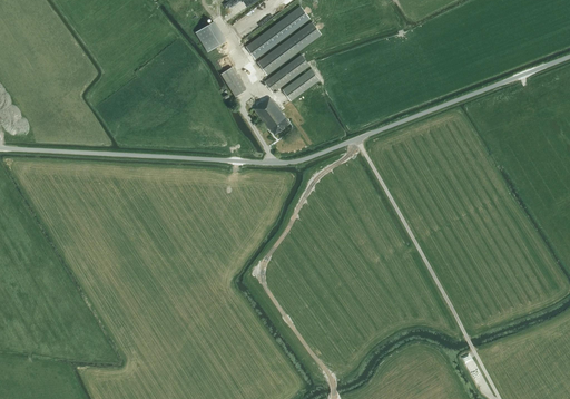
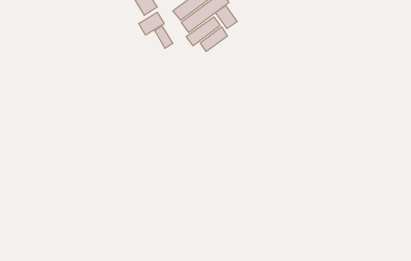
building: none -> [216,6,237,29]
building: none -> [139,12,164,35]
building: [254,97,288,134] -> none

